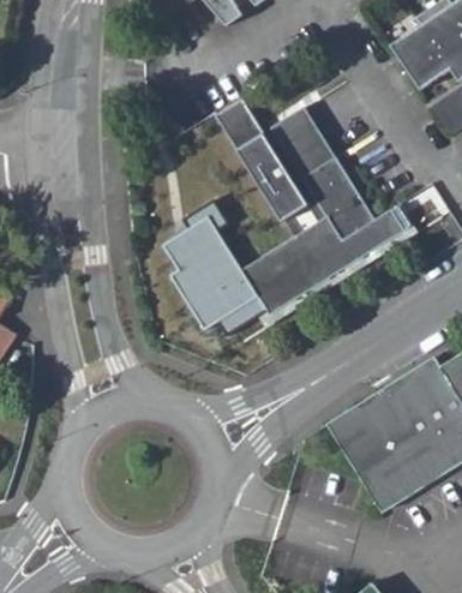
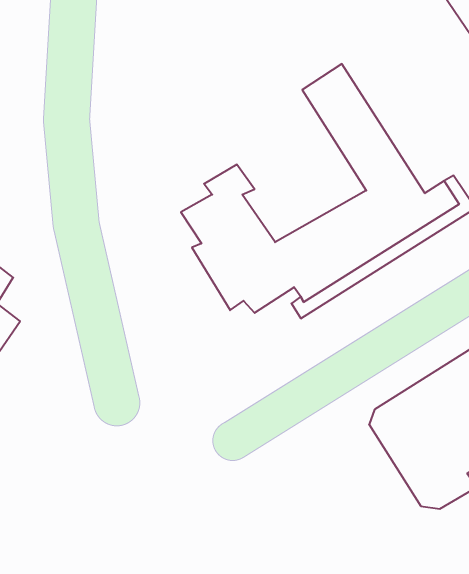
building: [215,106,310,230] -> none

